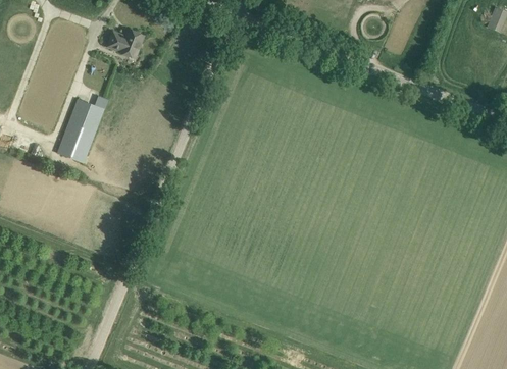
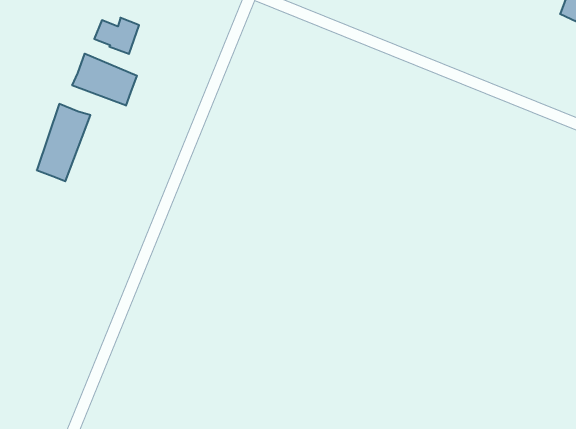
building: none -> [72,54,137,106]

